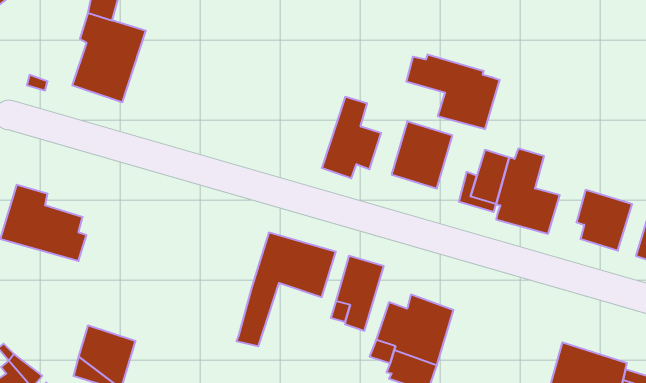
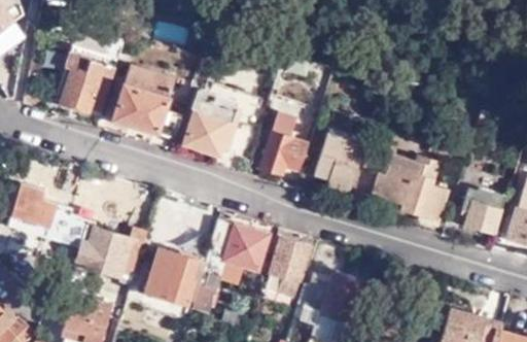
building: none -> [114,65,177,136]
building: [406,54,500,129] -> none
building: none -> [183,93,240,156]
building: none -> [66,223,148,284]
building: none -> [145,248,204,304]

